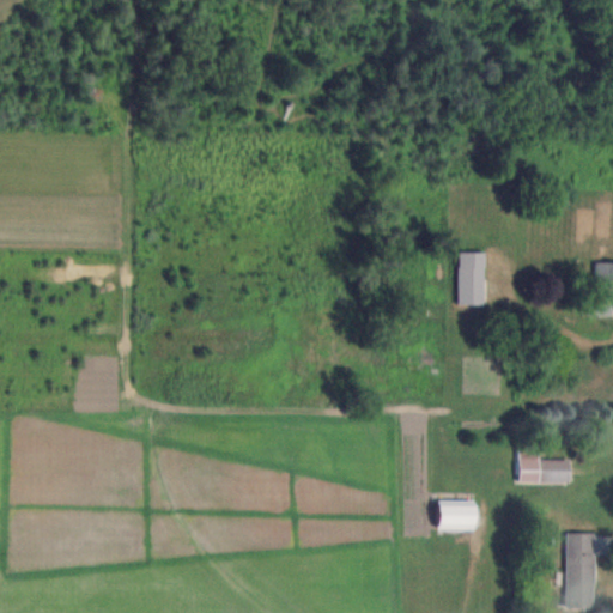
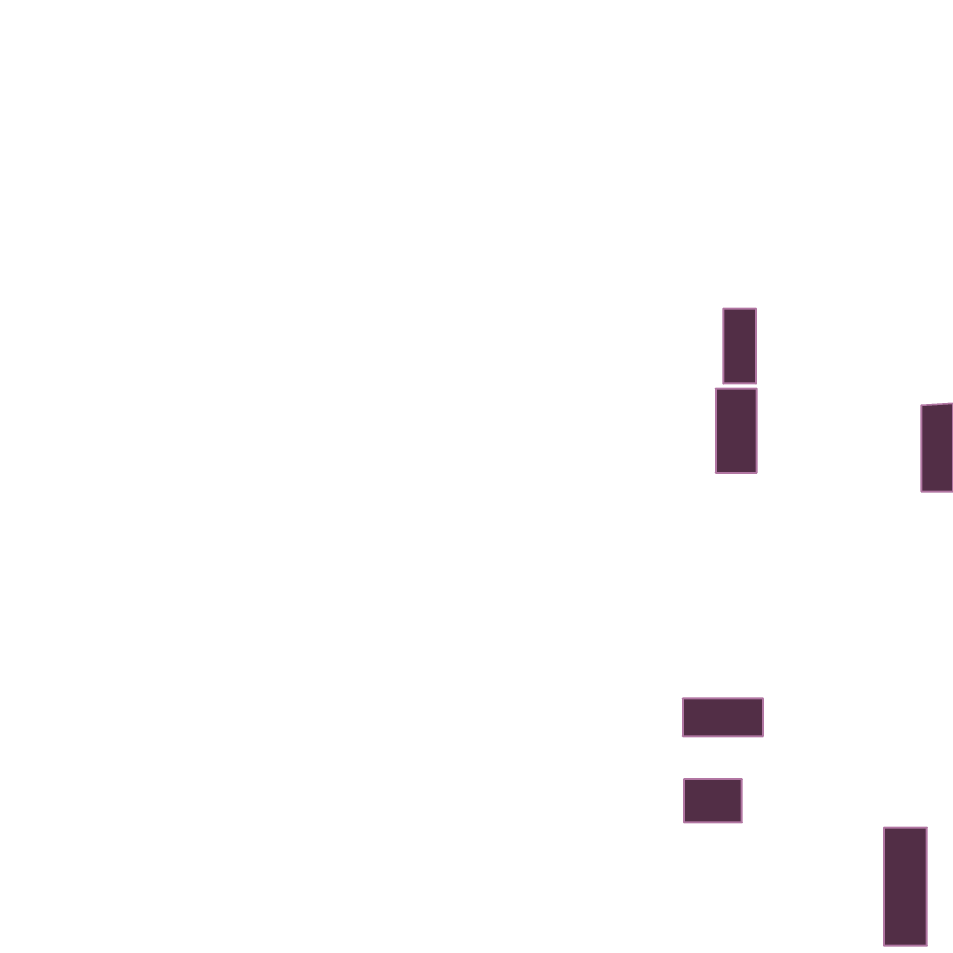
building: none -> [723,309,756,384]
building: [517,459,569,482] -> [683,699,763,736]

